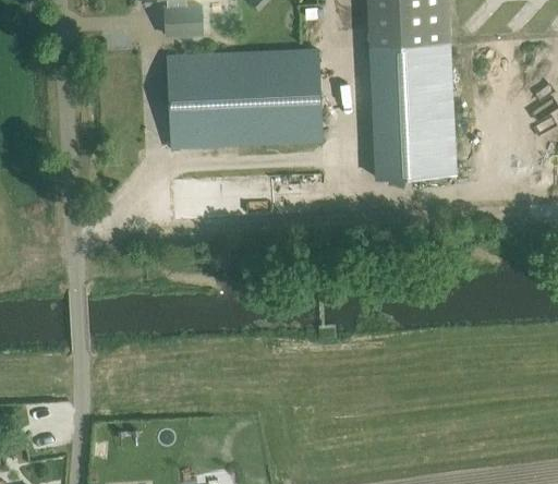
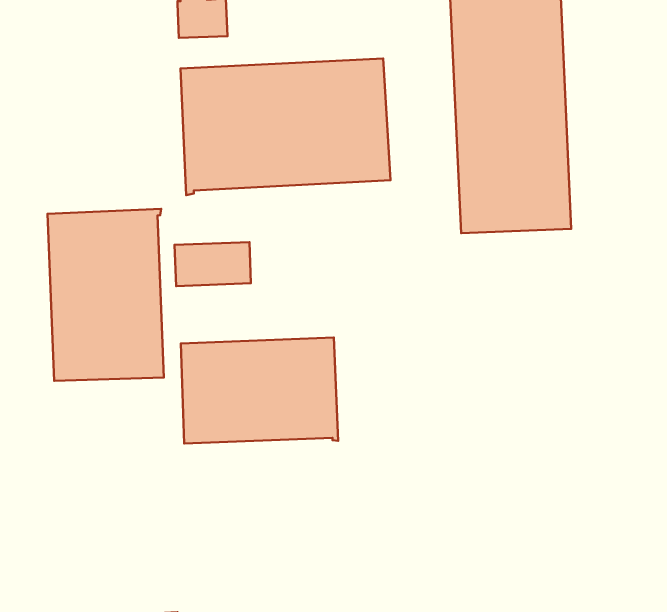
building: none -> [48,209,164,381]
building: none -> [181,337,338,443]

